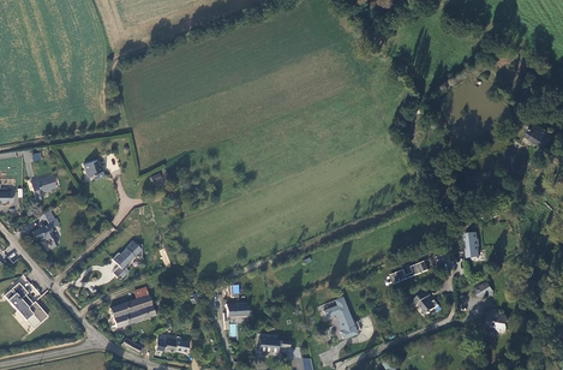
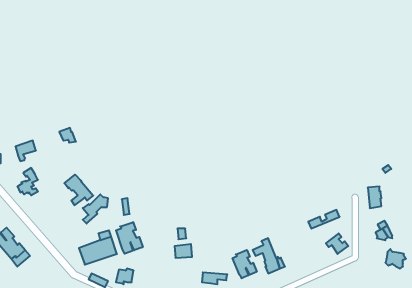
building: none -> [64,175,93,205]
building: none -> [116,222,143,254]
building: none -> [233,250,257,278]

